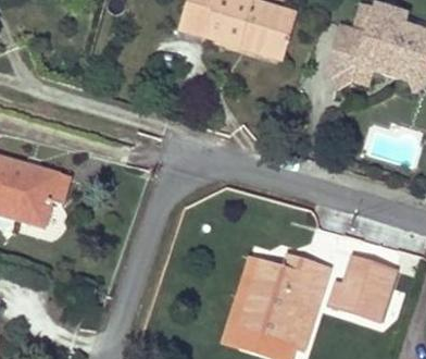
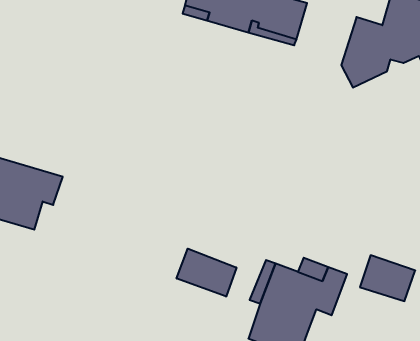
building: none -> [177,249,236,297]
building: [329,276,386,315] -> none

